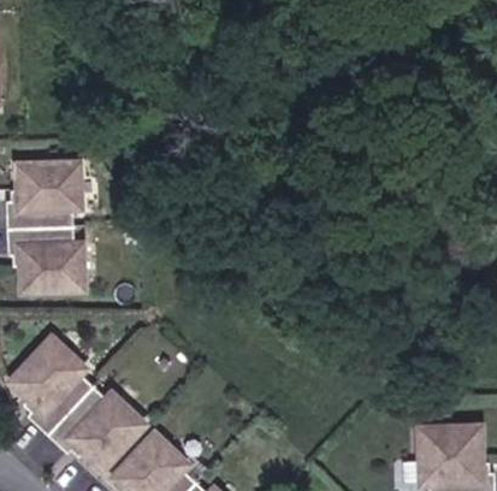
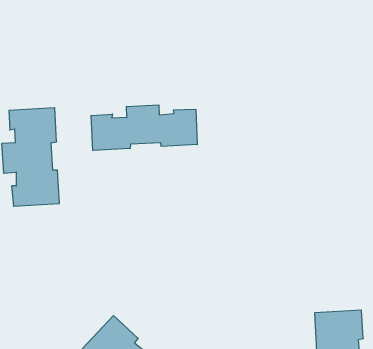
building: none -> [91,105,197,151]
building: [11,338,143,469] -> none

